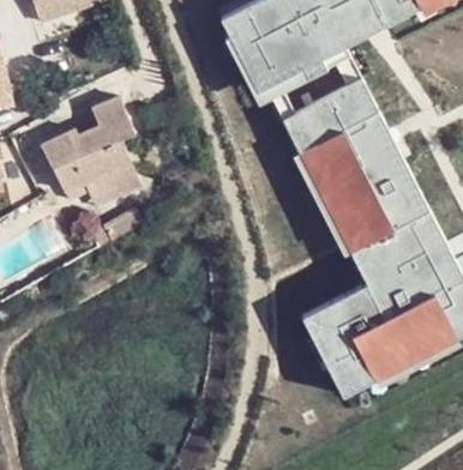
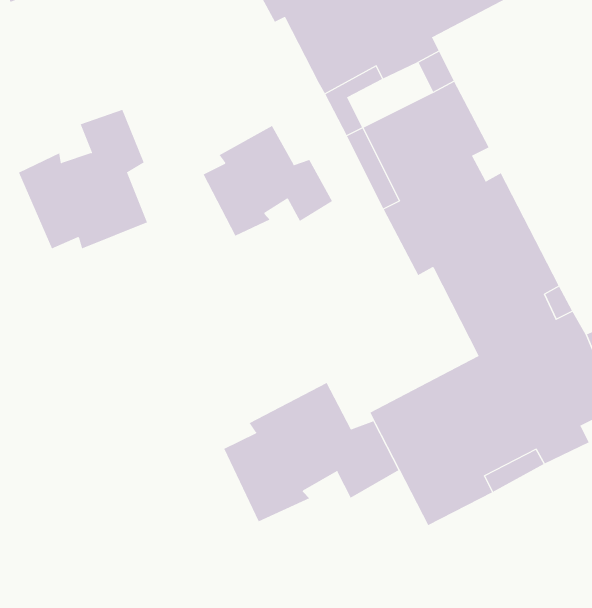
building: none -> [203,125,333,237]
building: none -> [223,382,399,522]

